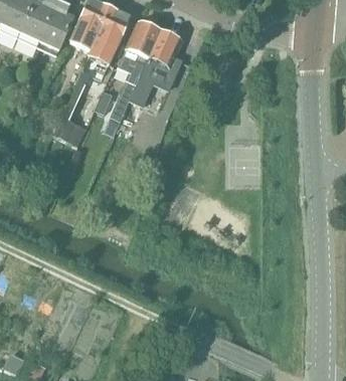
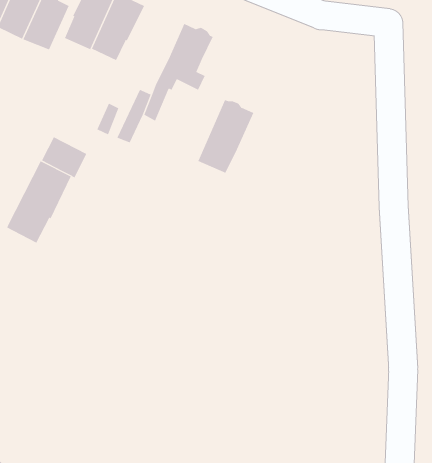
building: [117,21,159,76] -> [198,99,254,173]
building: none -> [6,160,71,243]

